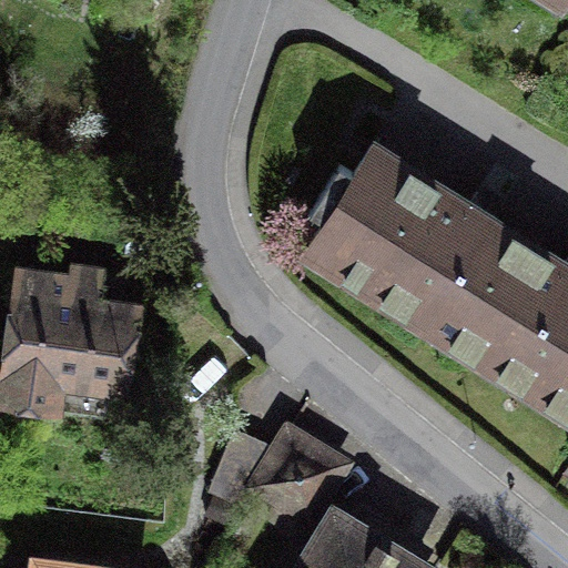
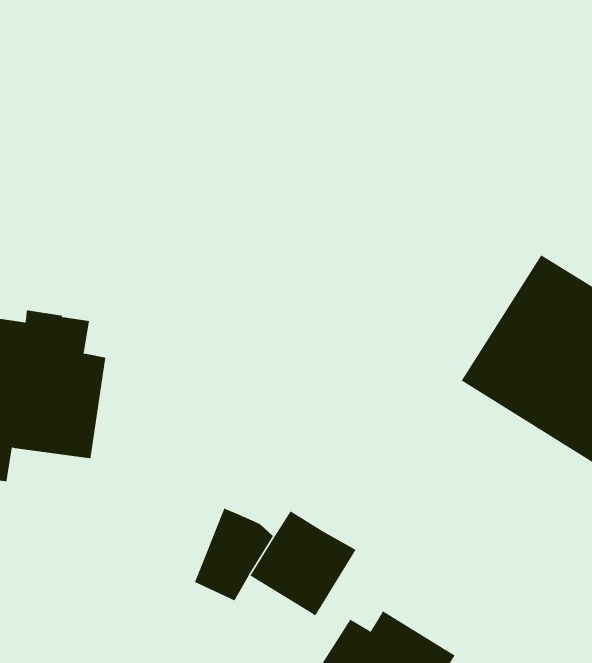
building: [308,148,500,327] -> none

